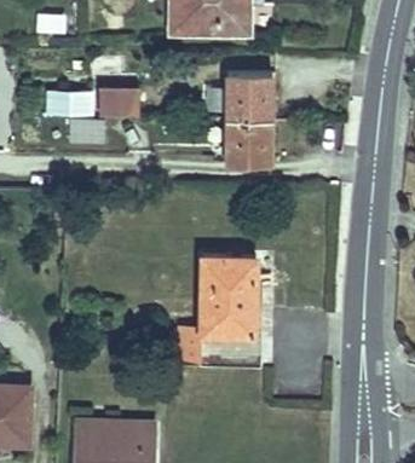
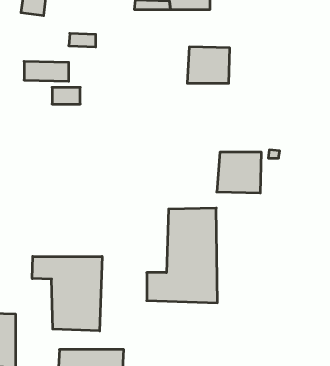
building: [97,88,139,116] -> none
building: [223,116,275,163] -> [217,152,261,193]
building: none -> [32,256,102,331]

